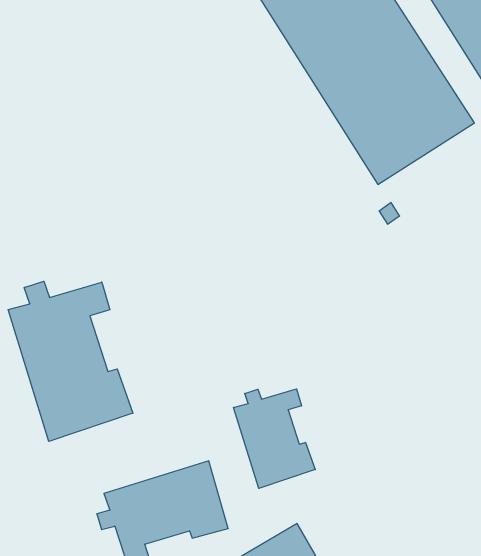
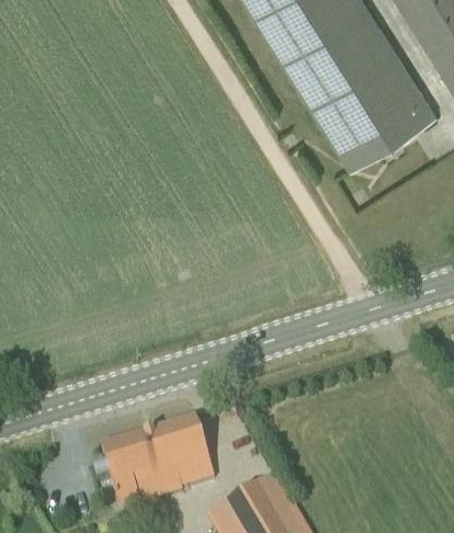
building: [8,281,133,441] -> none
building: [234,389,315,488] -> none

